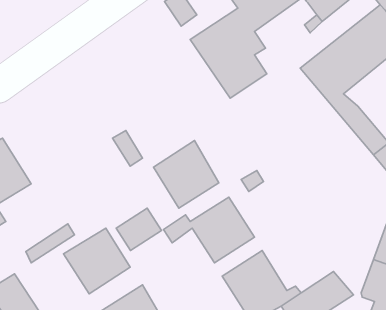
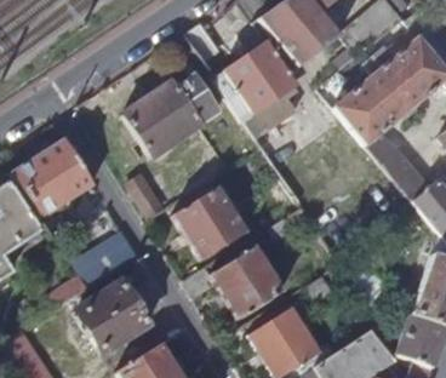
building: none -> [126,73,221,156]
building: none -> [12,138,96,217]
building: [116,208,162,250] -> [91,230,141,276]

